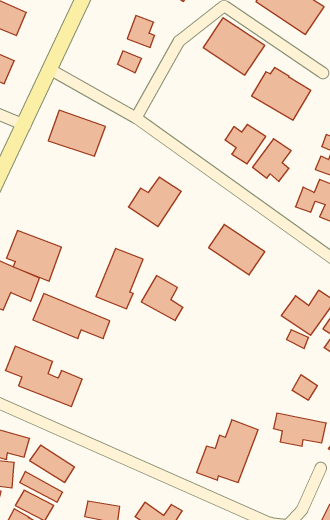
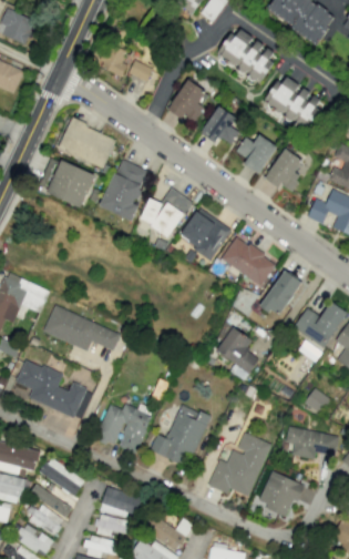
building: [127,16,155,47] -> [99,43,126,75]
building: none -> [168,79,207,123]
building: none -> [199,105,239,144]
building: none -> [178,207,230,258]
building: [6,231,61,281] -> [39,156,94,207]
building: [96,248,143,309] -> [100,159,147,220]
building: none -> [261,270,300,317]
building: [141,276,183,321] -> [215,326,257,372]
building: none -> [94,404,152,454]
building: none -> [150,404,209,464]
building: none -> [257,470,304,515]
building: none -> [100,486,141,520]

